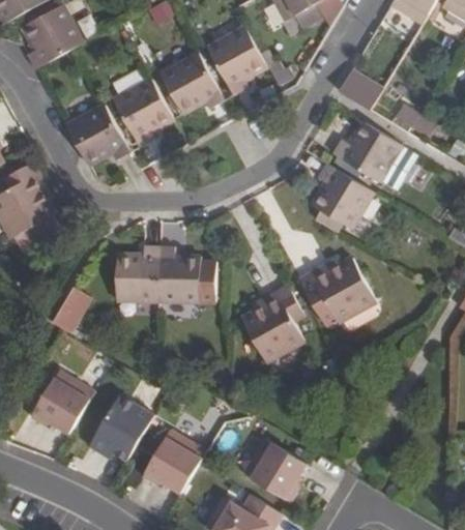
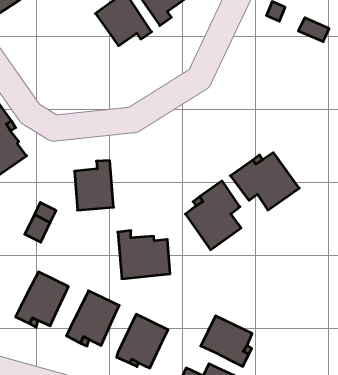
building: [112,79,172,147] -> none
building: [65,105,129,165] -> none
building: [331,120,414,187] -> none
building: [311,164,373,229] -> none
building: [157,246,215,301] -> [118,231,170,279]

